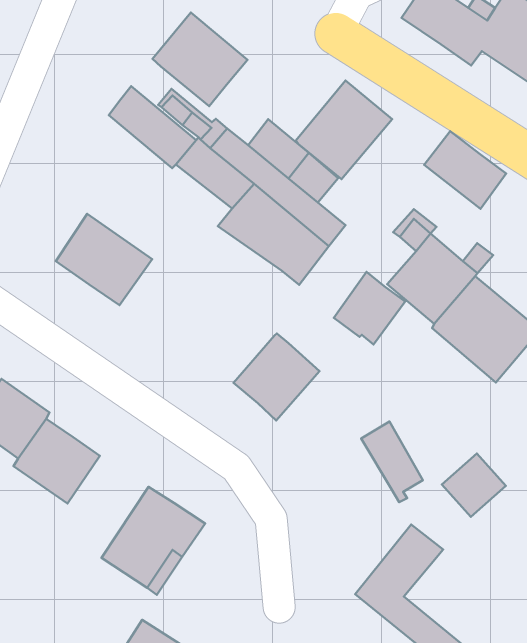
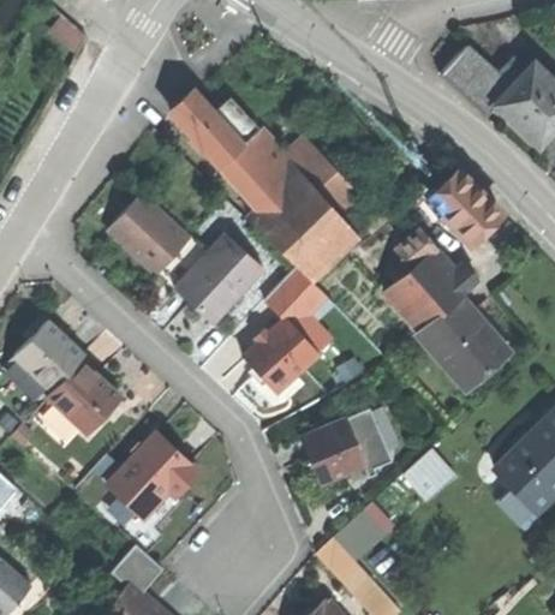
building: [153,13,247,106] -> none
building: [296,81,392,179] -> none
building: none -> [177,234,264,322]
building: [334,272,405,345] -> [264,267,327,329]
building: none -> [299,419,363,484]

